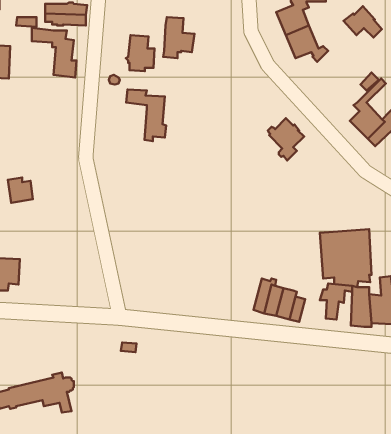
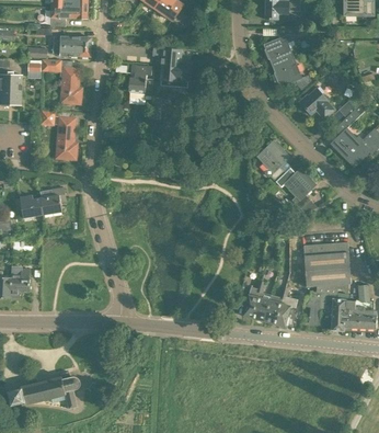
building: [343,6,382,38] -> [298,88,333,116]
building: [126,89,166,141] -> [39,111,76,158]
building: none -> [283,168,315,208]
building: none -> [39,186,66,214]

